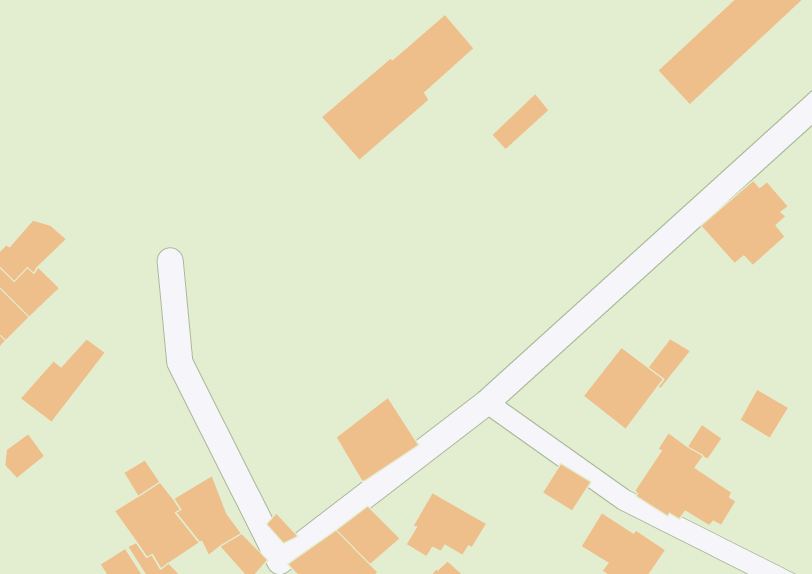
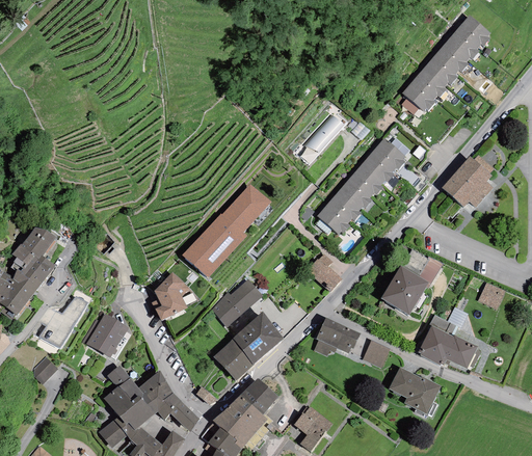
building: [321,14,474,161] -> [182,183,270,277]
building: none -> [319,142,406,237]
building: none -> [305,253,341,291]
building: none -> [151,271,190,320]
building: none -> [211,278,262,327]
building: none -> [81,313,128,357]
building: none -> [213,339,255,380]
building: [406,492,487,557] -> [313,317,361,356]

